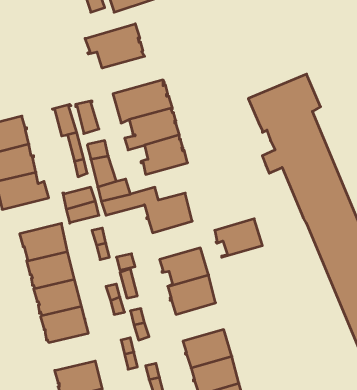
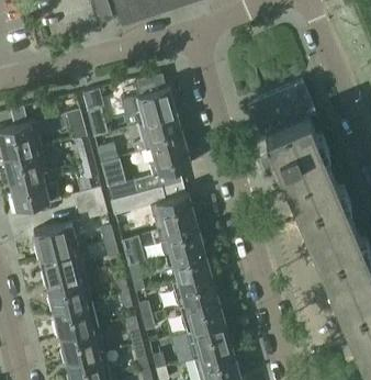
building: [85,24,145,68] -> none
building: [215,219,262,257] -> [158,220,203,256]
building: none -> [180,297,225,333]
building: none -> [59,325,104,360]

